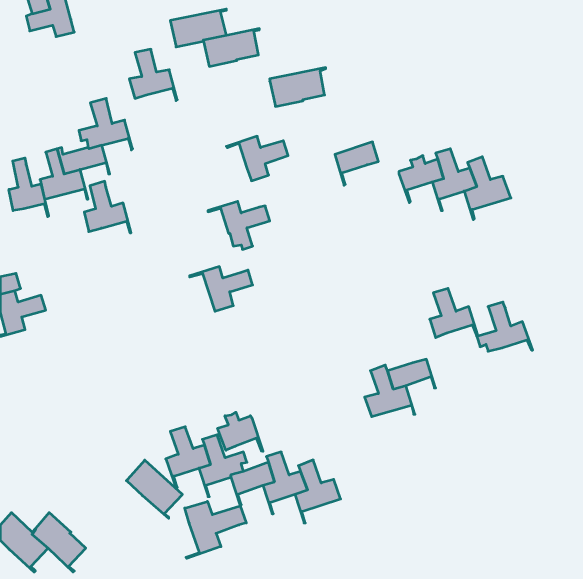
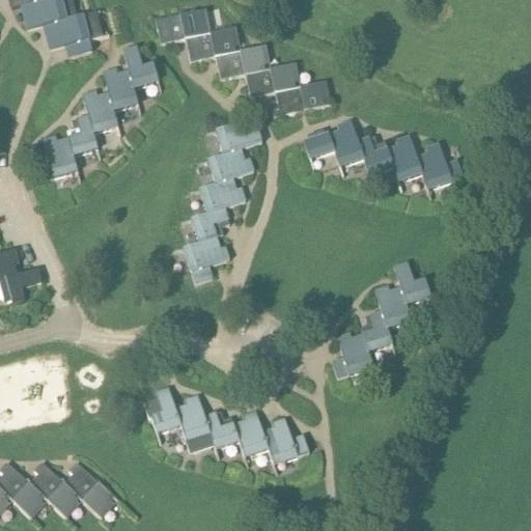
building: none -> [47,10,93,55]
building: none -> [216,44,267,79]
building: none -> [273,80,327,115]
building: none -> [334,119,379,175]
building: [9,158,49,217] -> none
building: none -> [198,152,254,193]
building: [84,181,131,233] -> [99,66,141,113]
building: none -> [181,212,220,252]
building: [477,302,533,351] -> [365,284,416,329]
building: [218,412,263,451] -> none
building: [126,460,182,518] -> [64,465,115,518]
building: [185,501,246,558] -> none

